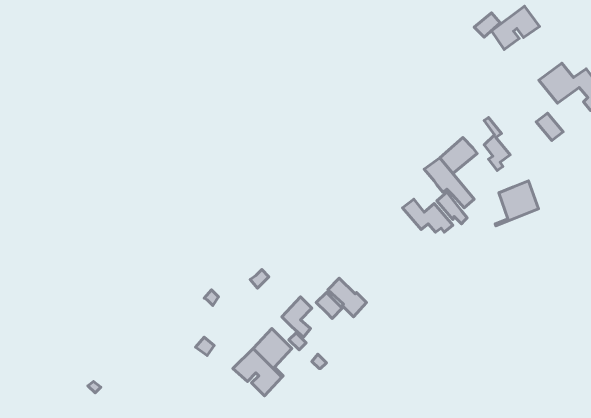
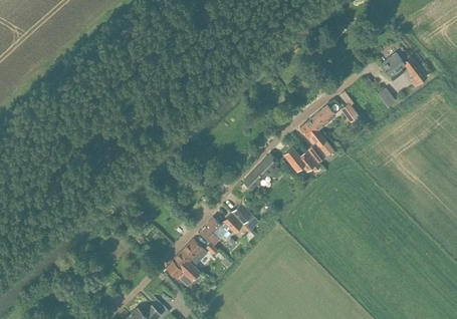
building: [492,6,540,49] -> none
building: [495,181,539,226] -> none
building: none -> [243,153,278,190]

